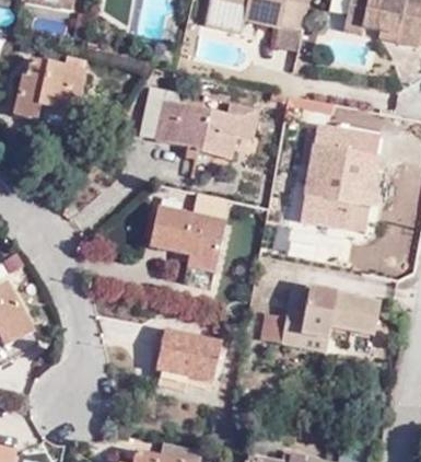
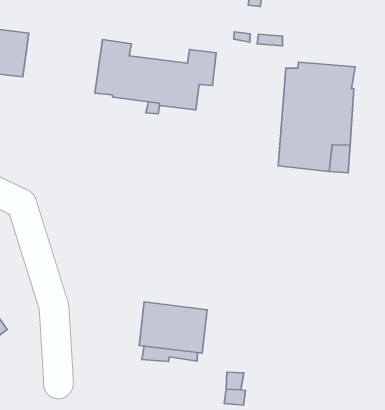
building: [150,206,224,288] -> none
building: [260,286,381,348] -> none

